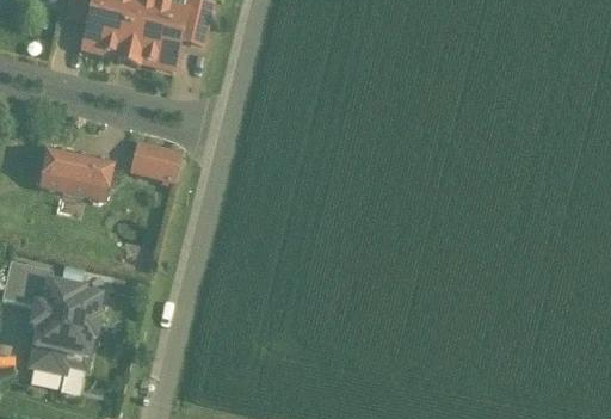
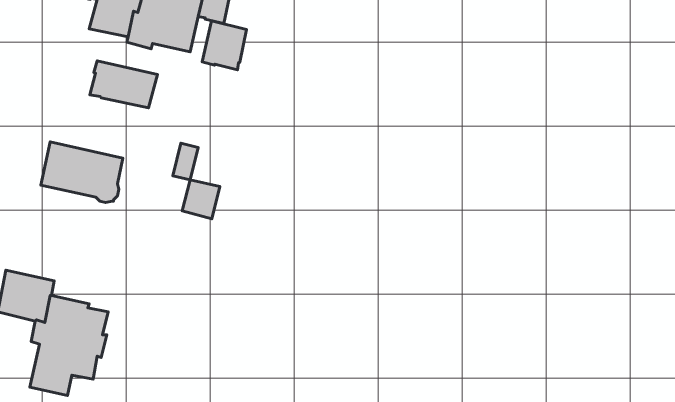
building: none -> [202,21,246,70]
building: none -> [90,61,158,108]
building: [130,142,163,177] -> [182,180,220,219]

